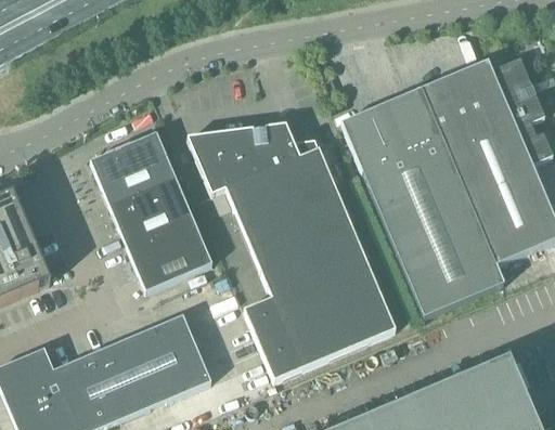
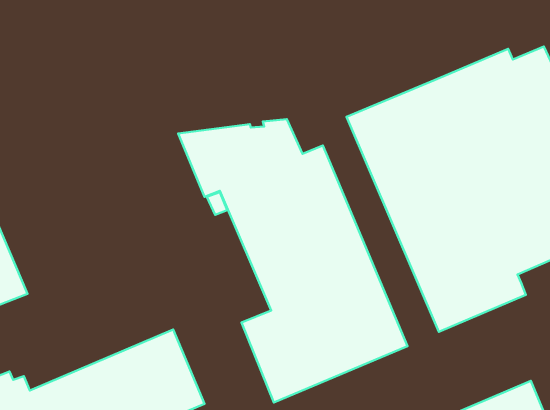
building: [93,131,212,290] -> none

